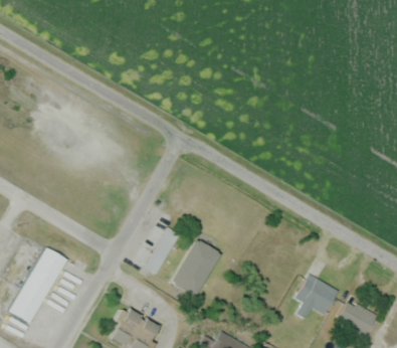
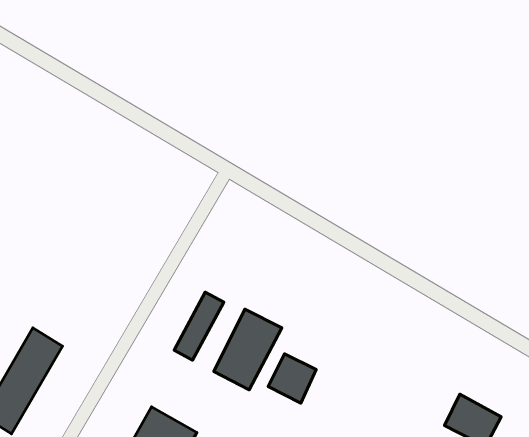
building: none -> [268,354,316,403]
building: [294,275,337,318] -> none

